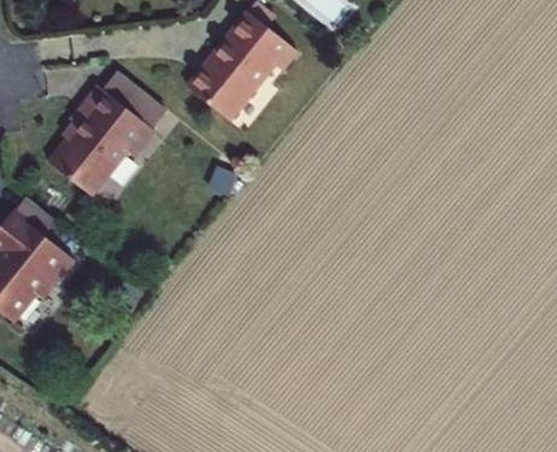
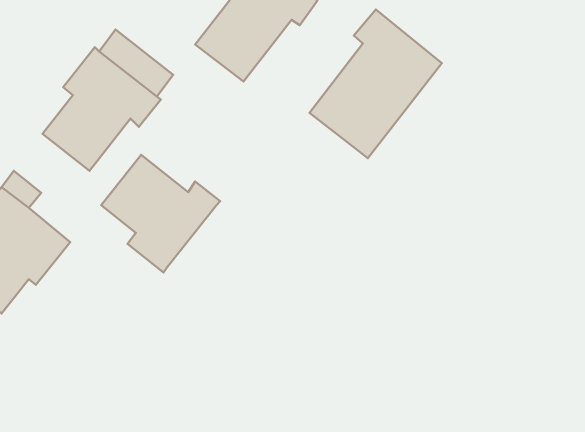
building: none -> [309,9,442,158]
building: none -> [101,155,220,272]

